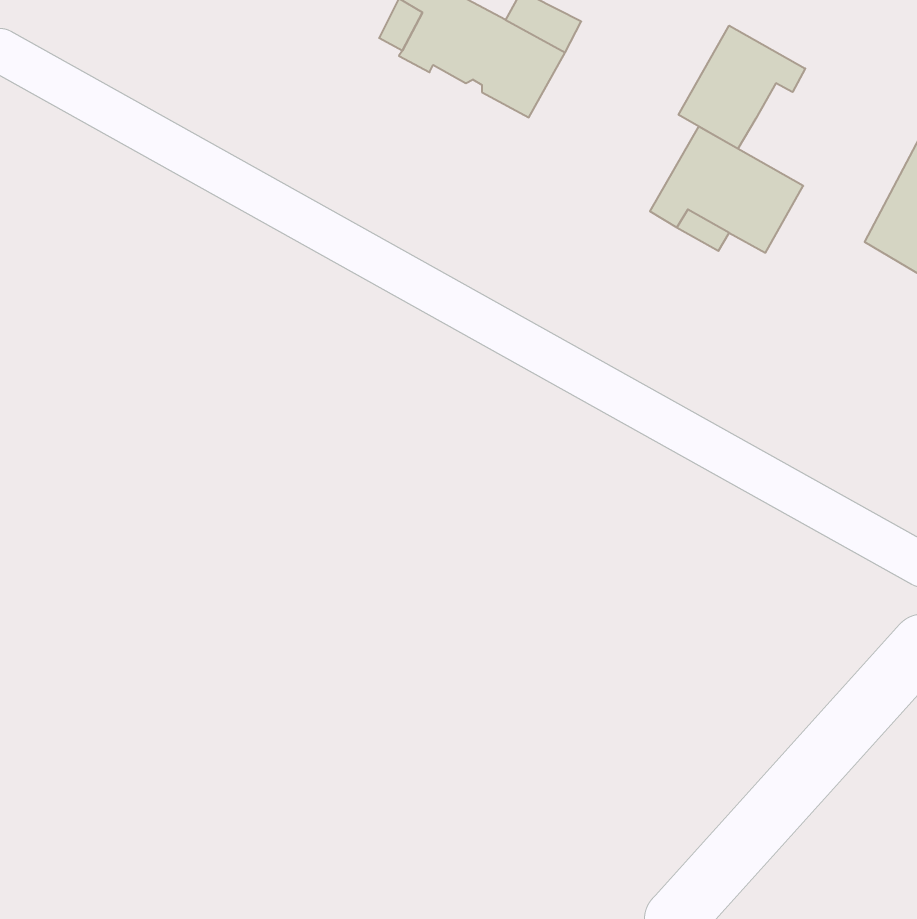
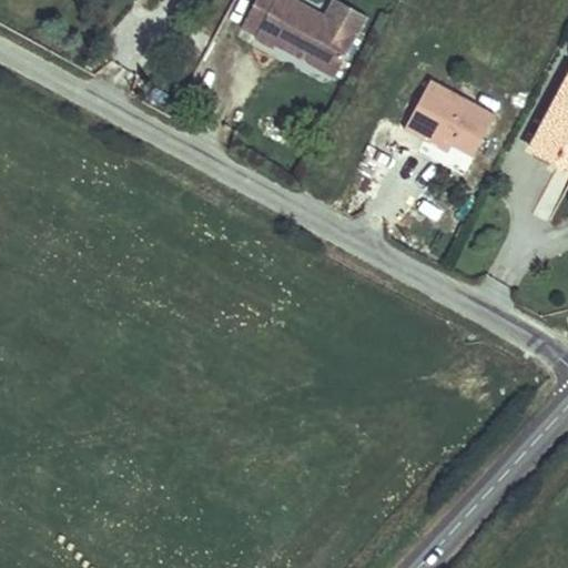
building: [679,26,805,149] -> none

